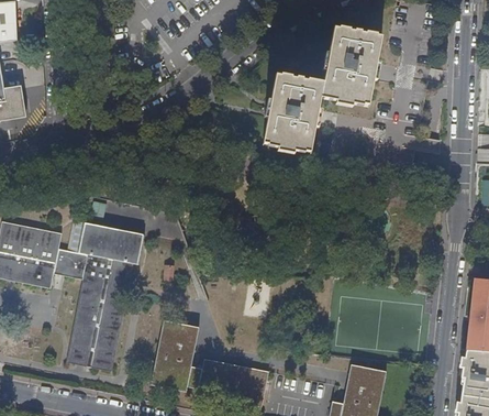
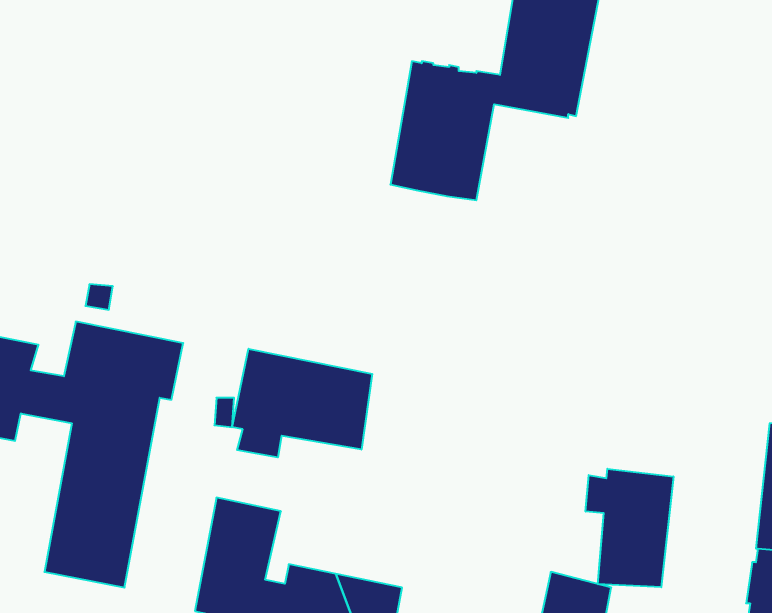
building: none -> [232,349,372,457]
building: none -> [586,469,673,587]

